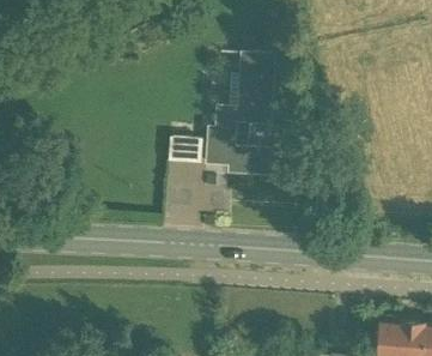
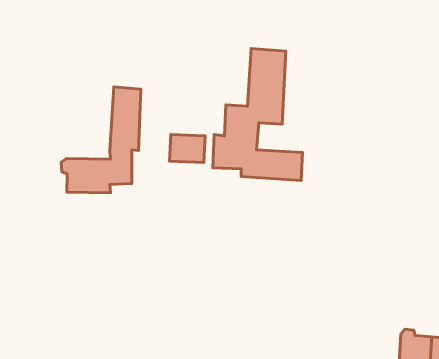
building: none -> [61,87,141,193]

